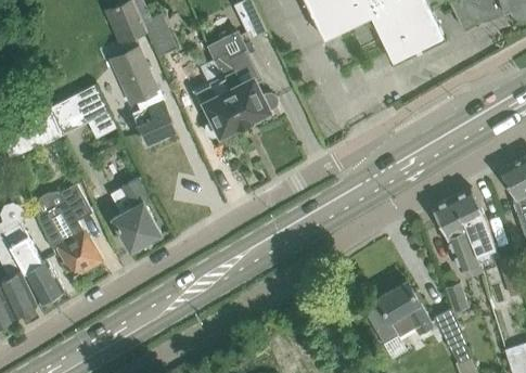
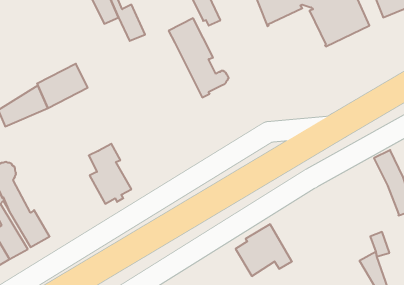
building: [108,49,175,146] -> none
building: [193,61,246,139] -> none
building: [40,185,101,278] -> none
building: [432,198,482,275] -> none
building: [365,283,433,345] -> [236,224,292,276]

